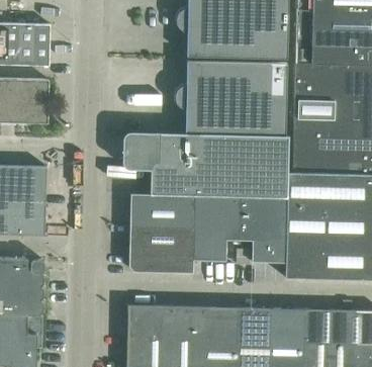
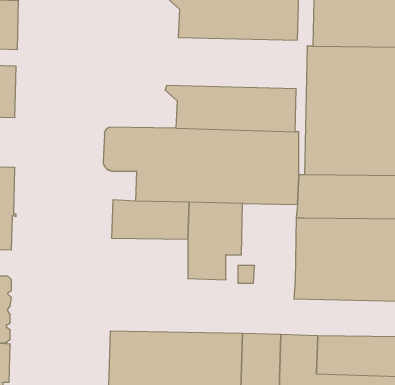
building: [175,61,286,99] -> none
building: [239,196,286,262] -> none
building: [128,225,193,273] -> none

